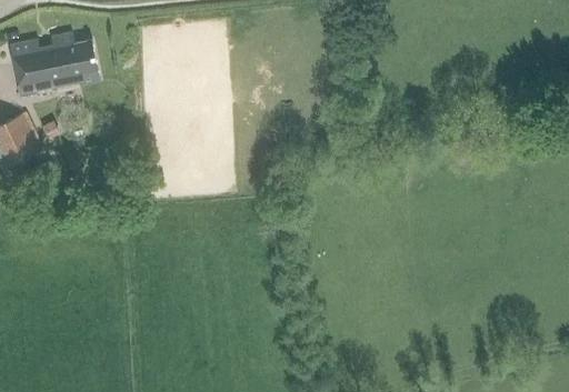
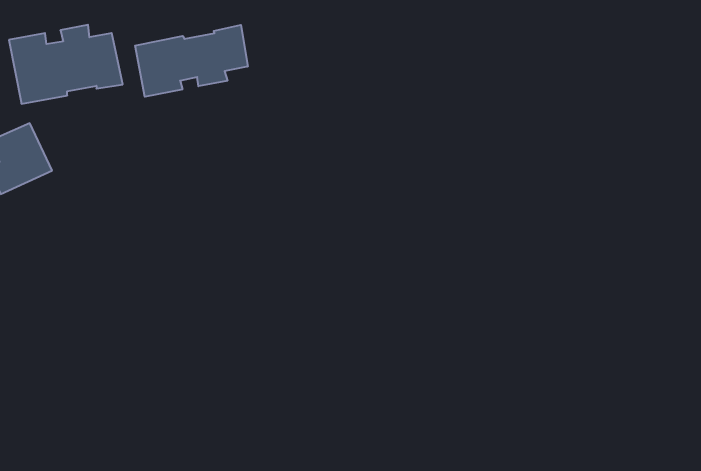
building: none -> [135,25,248,97]

